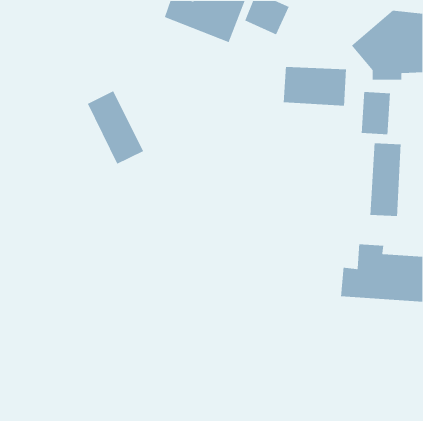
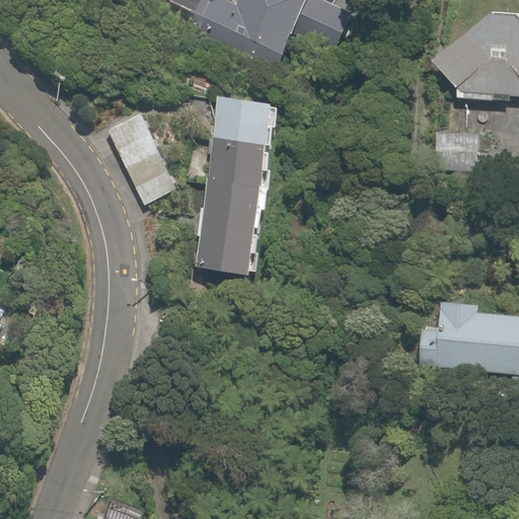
building: [283,66,347,106] -> none
building: none -> [193,94,279,271]
building: [370,142,401,217] -> none

